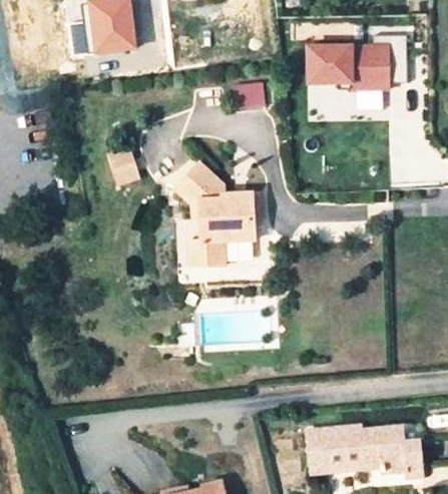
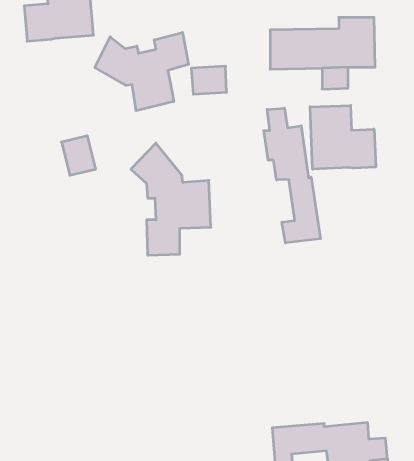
building: none -> [95,32,189,111]
building: none -> [310,105,376,169]
building: none -> [264,108,321,243]

